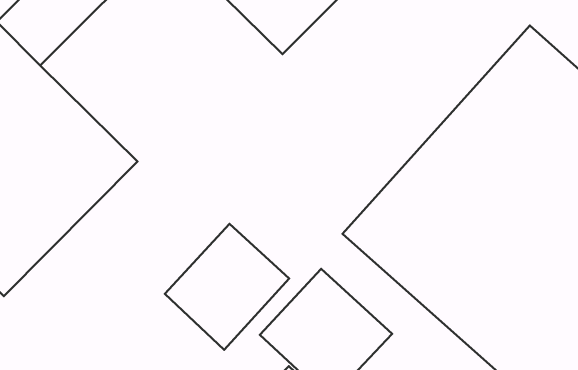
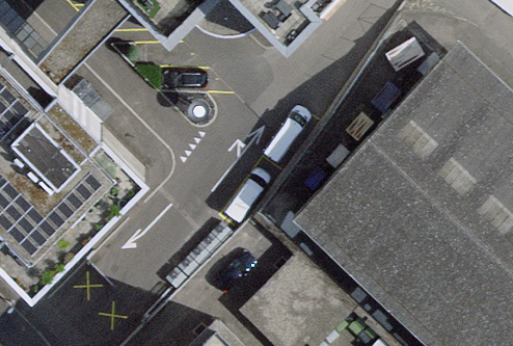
building: [165,224,289,350] -> none

